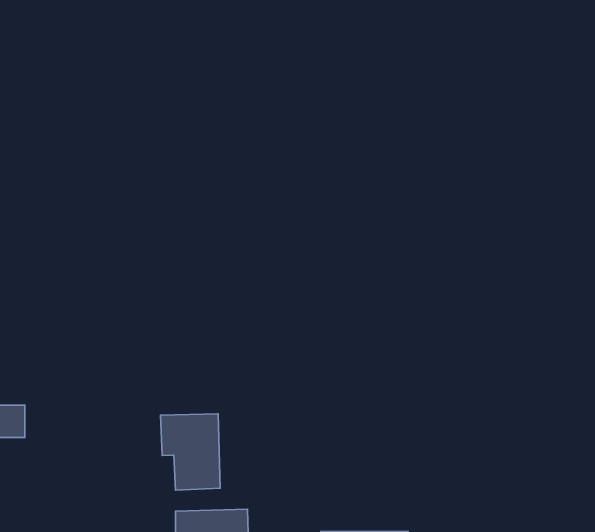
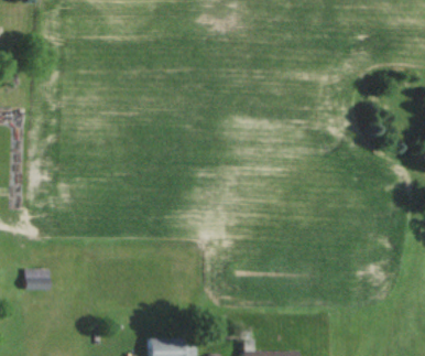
building: [160,414,220,490] -> none

